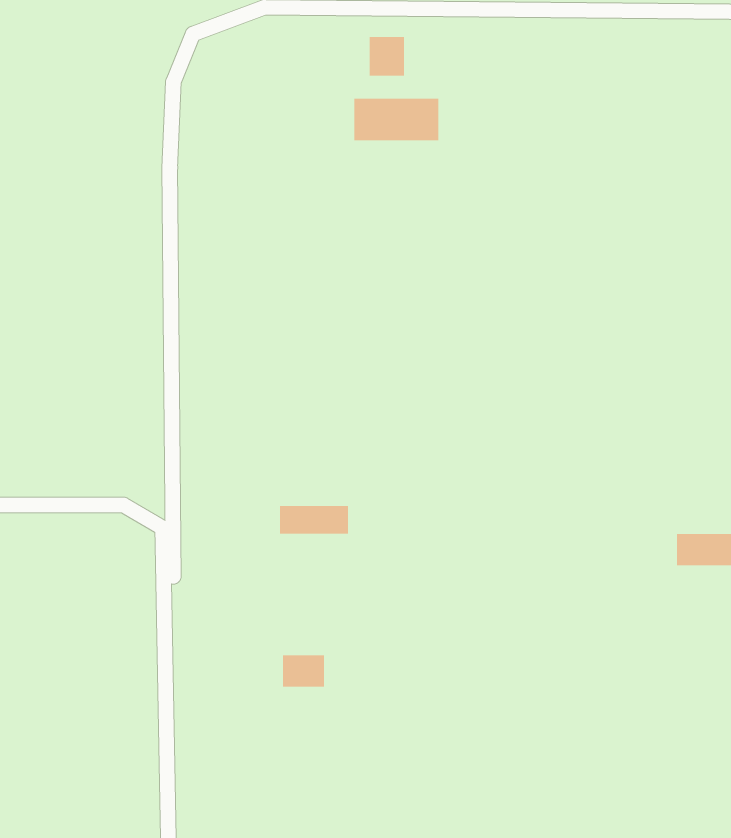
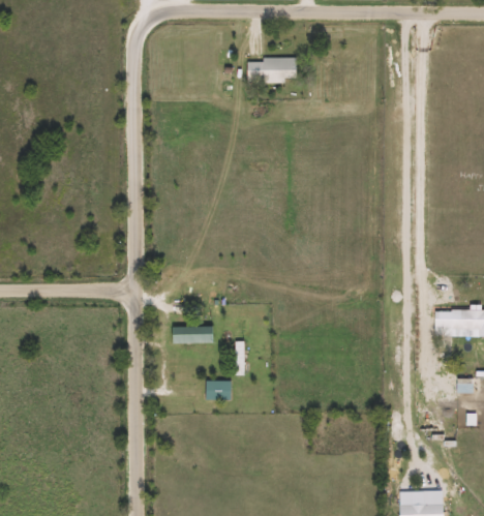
building: [369,36,404,76] -> none
building: [279,506,349,534] -> [173,326,213,342]

